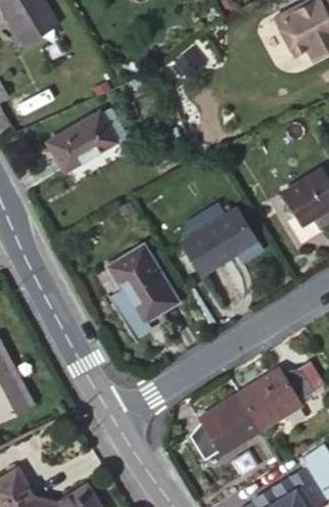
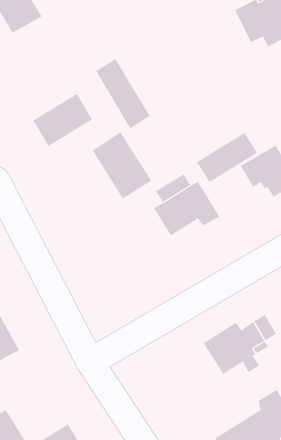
building: none -> [95,58,151,129]
building: none -> [196,132,258,183]
building: [108,245,177,322] -> [92,132,152,200]
building: [191,394,262,457] -> none

